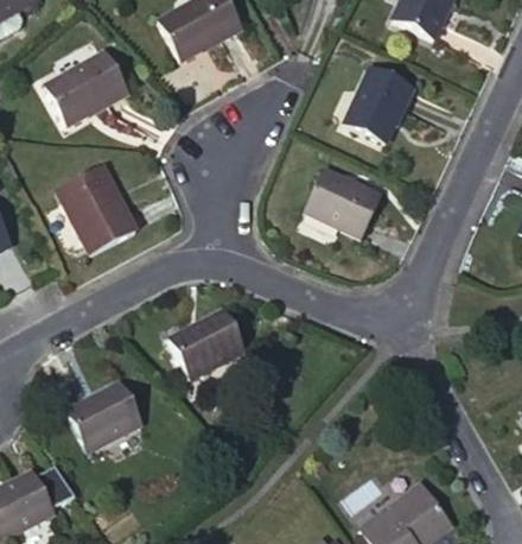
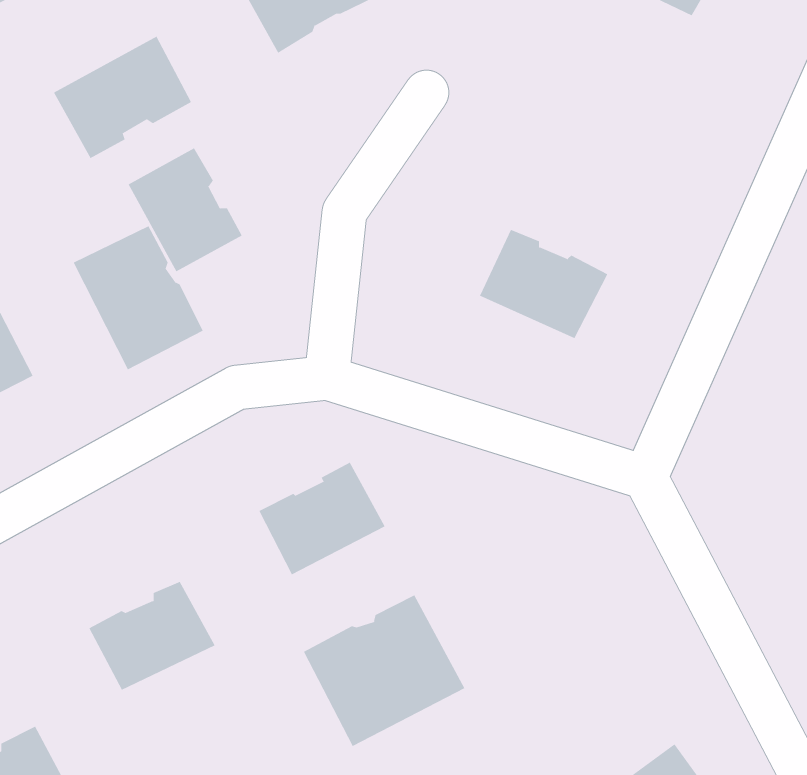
building: [343,65,410,141] -> none
building: none -> [128,148,243,272]
building: none -> [303,595,465,747]

